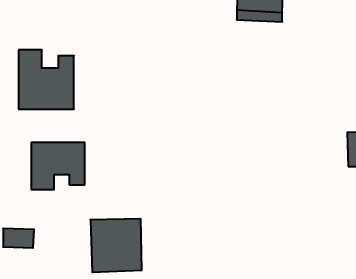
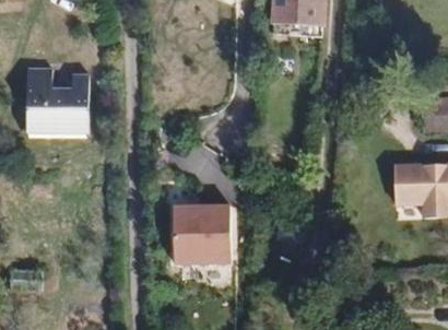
building: [32,142,84,190] -> none
building: [90,219,142,272] -> [174,207,232,267]

